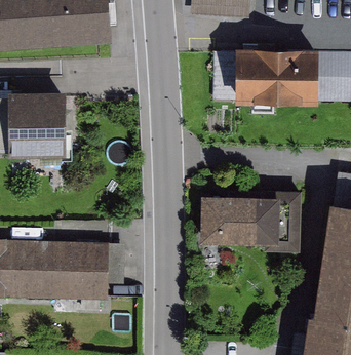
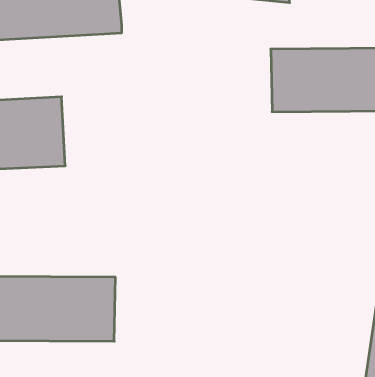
building: [202,197,304,251] -> none

